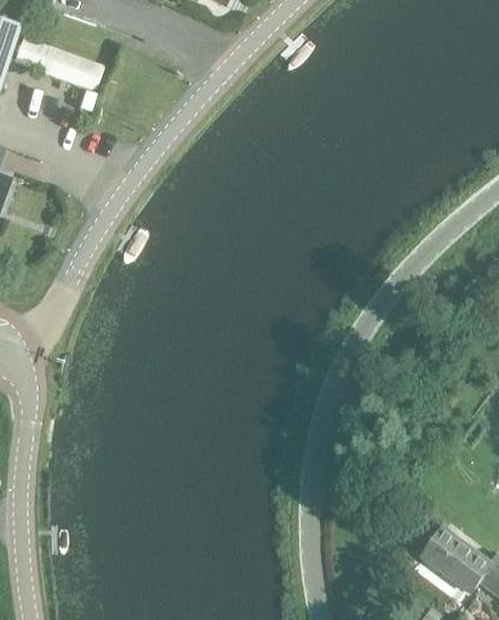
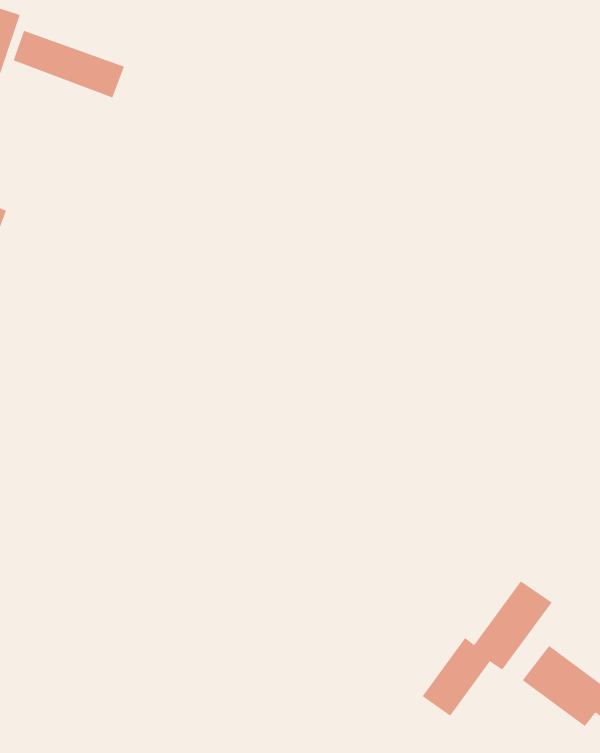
building: none -> [422,580,553,717]

